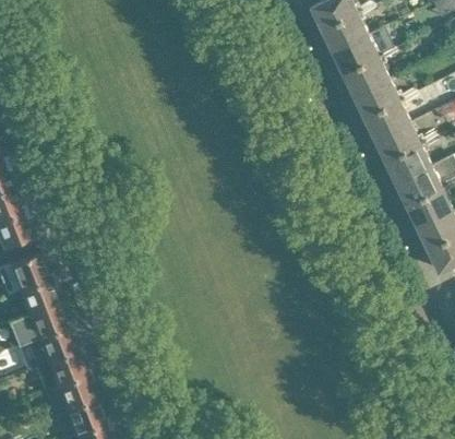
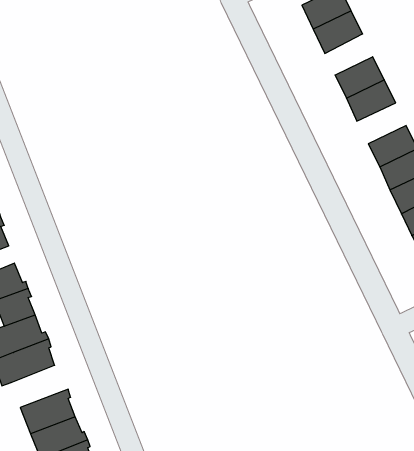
building: [333,35,379,74] -> none
building: [363,100,410,140] -> none
building: [34,351,88,391] -> none

